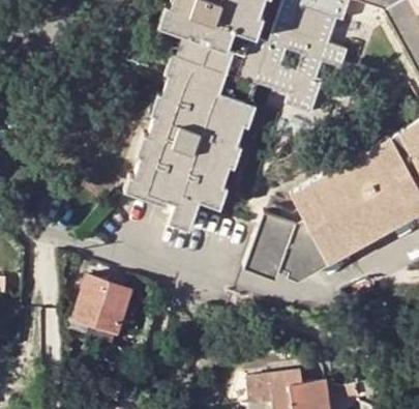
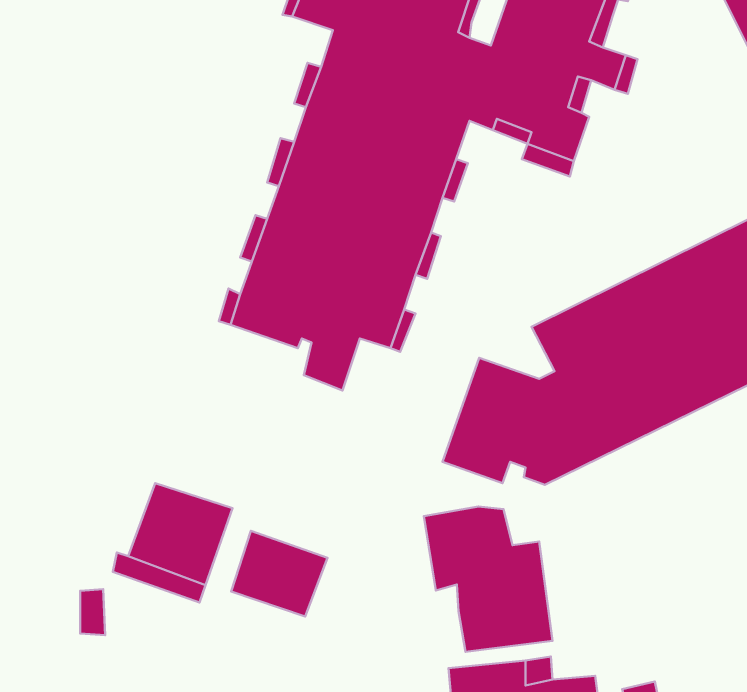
building: none -> [424,506,552,652]
building: none -> [231,531,328,616]

